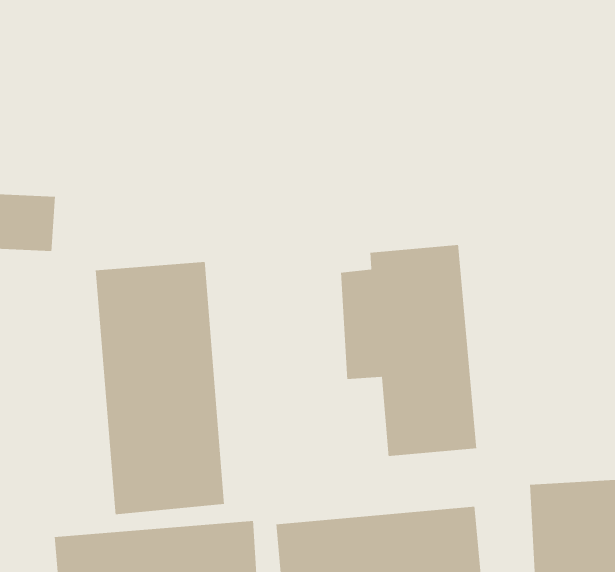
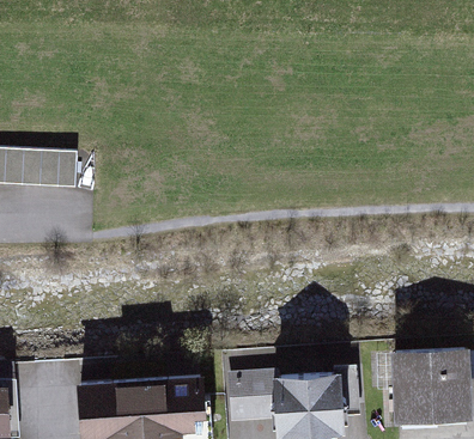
building: [340,244,477,457] -> none
building: [95,261,225,515] -> none

